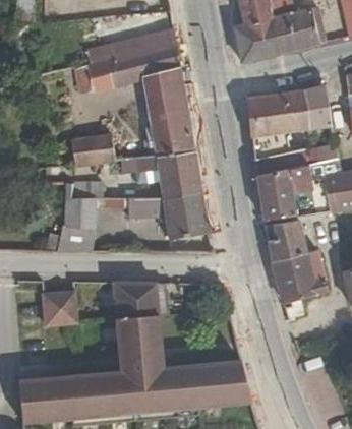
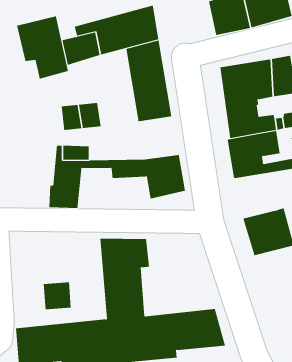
building: none -> [16,16,69,79]
building: [133,150,201,197] -> none
building: [263,220,307,262] -> none
building: [45,293,76,323] -> [43,282,72,310]

